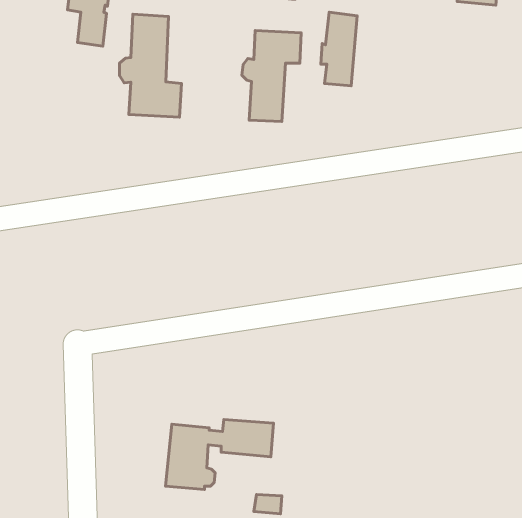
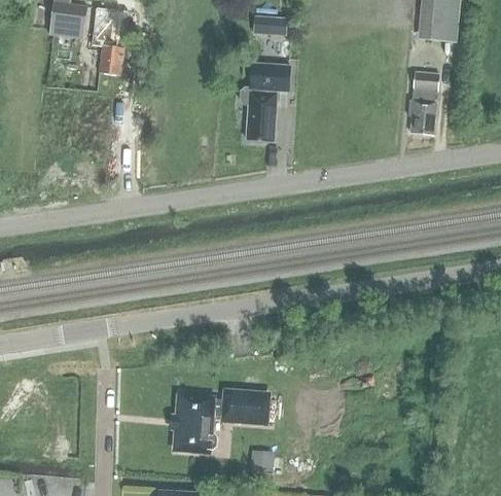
building: [321,12,357,86] -> [407,70,438,133]
building: [120,14,182,117] -> none

